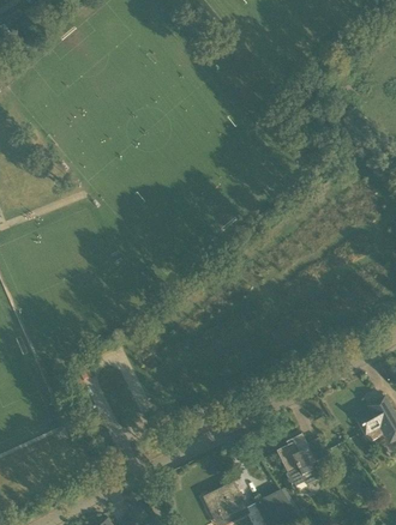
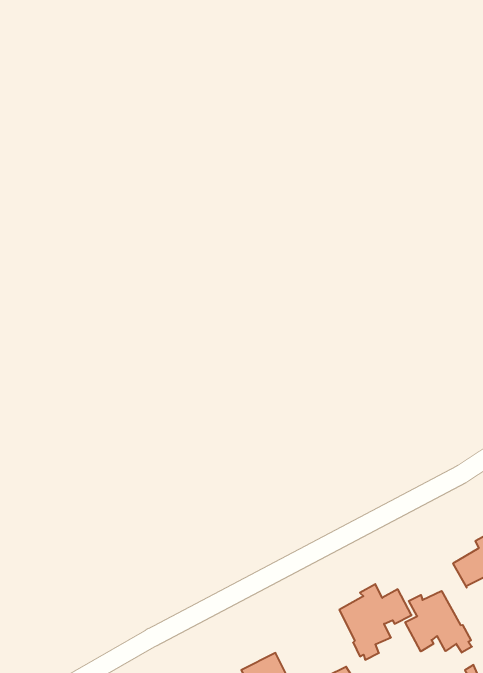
building: none -> [405,591,472,653]

